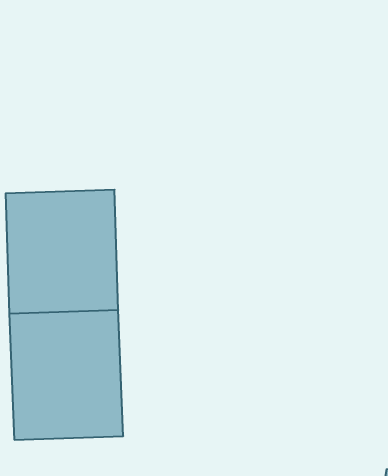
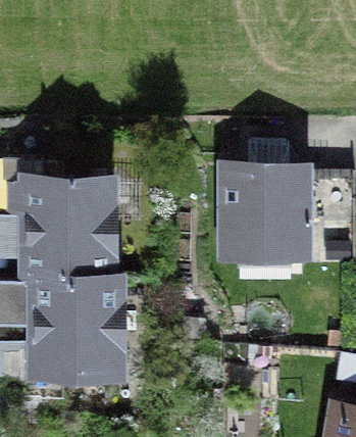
building: none -> [216,164,307,264]

